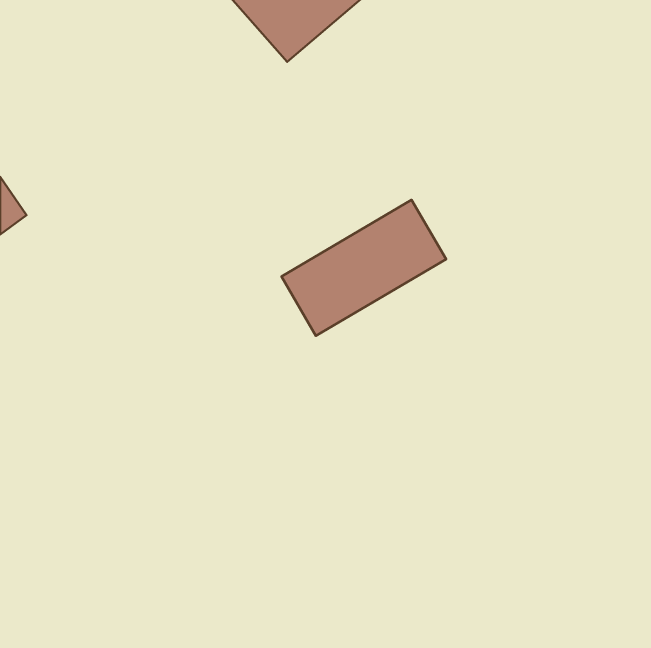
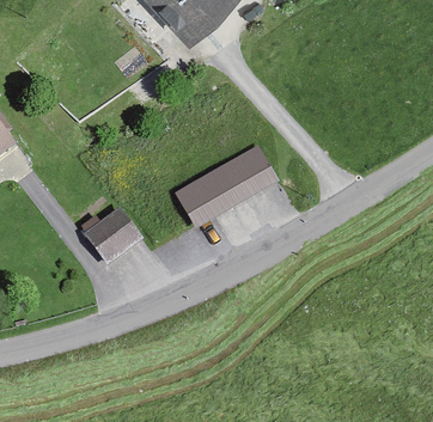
building: none -> [90,208,146,264]

